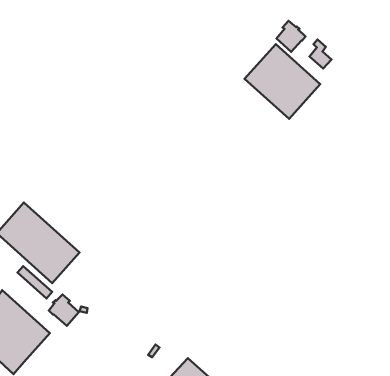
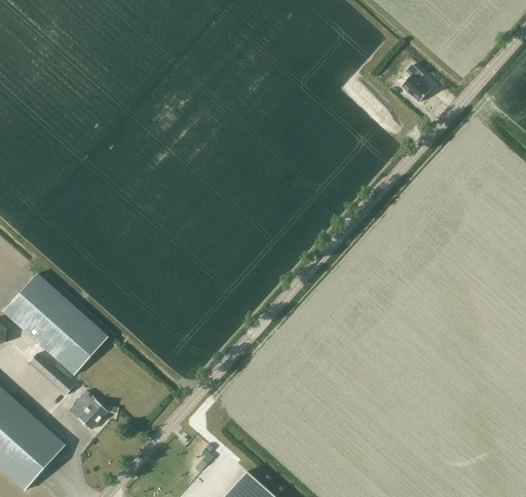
building: [276,21,305,52] -> none
building: [244,44,320,119] -> none

